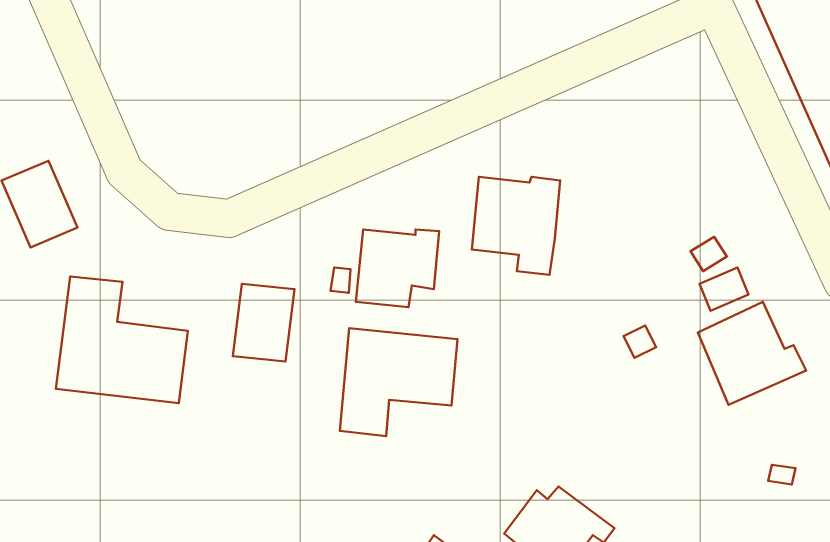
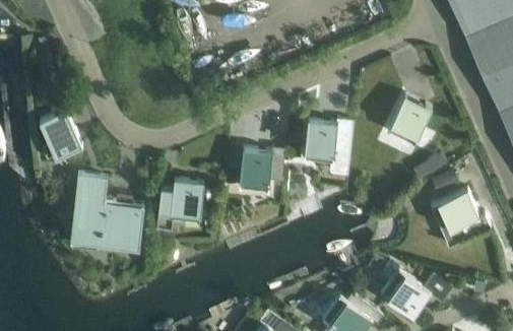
building: none -> [386,95,432,145]
building: [340,328,458,436] -> none
building: none -> [380,270,452,318]

